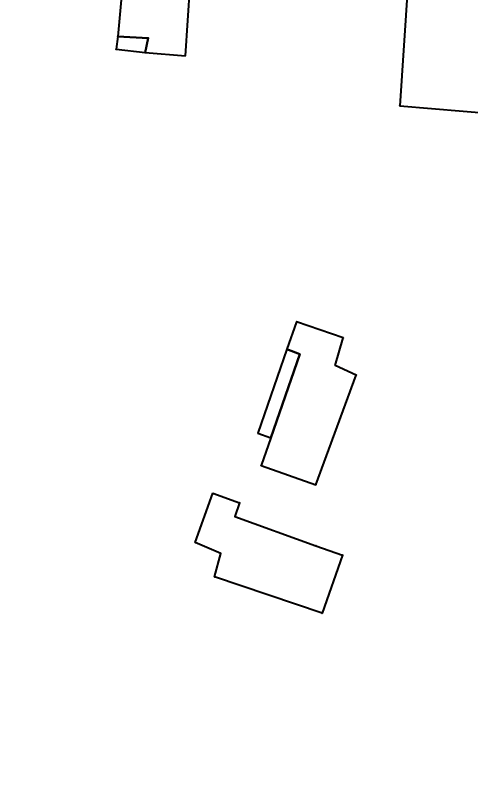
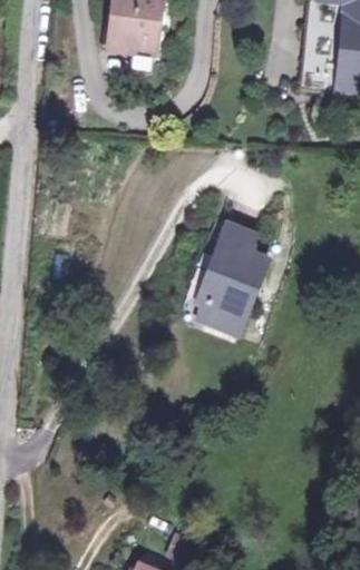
building: [195,493,343,613] -> none

